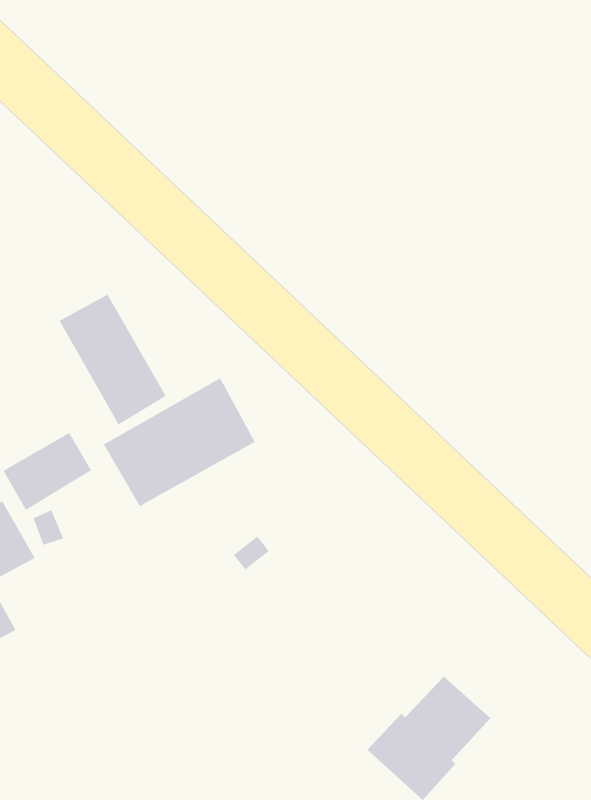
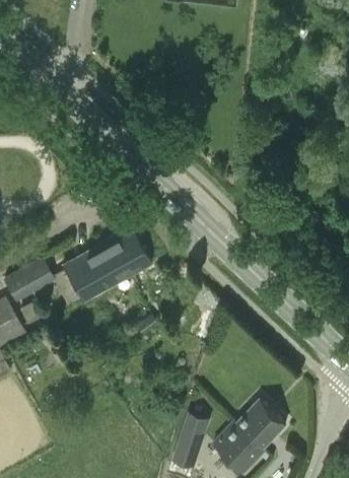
building: [59,294,167,426] -> none
building: none -> [179,415,208,454]

